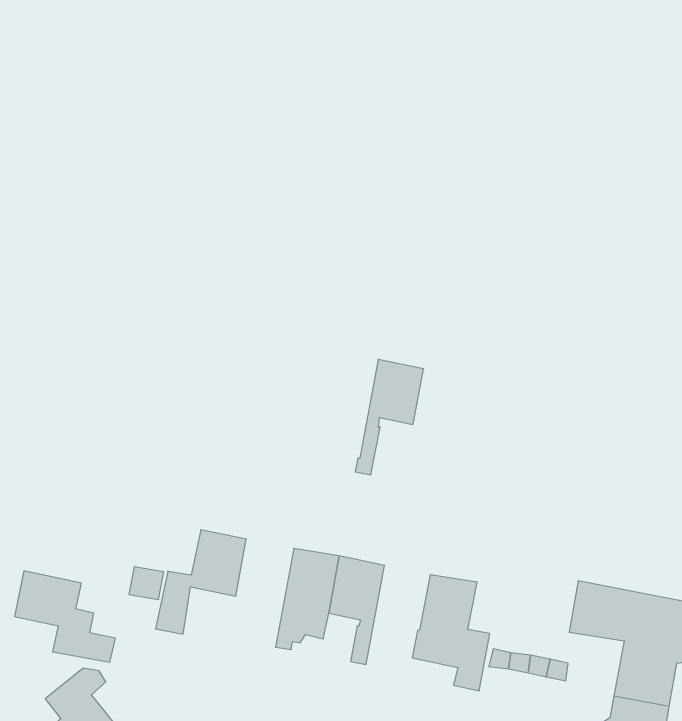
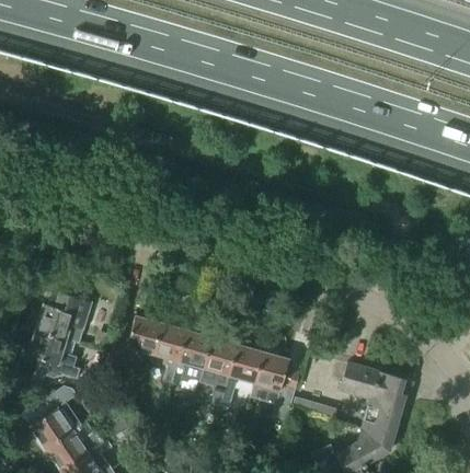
building: [355,359,424,475] -> [221,343,265,407]
building: none -> [36,291,94,337]
building: none -> [154,321,190,383]

